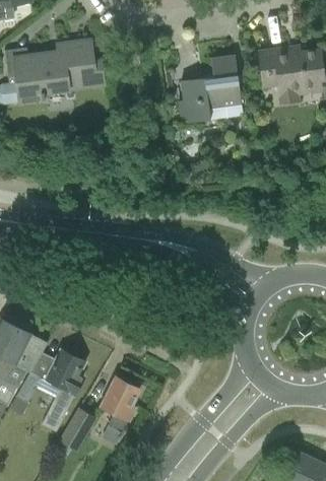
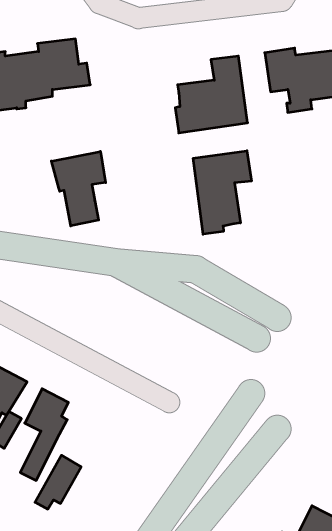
building: none -> [193,151,251,234]
building: none -> [51,151,106,226]
building: [101,376,139,431] -> none

